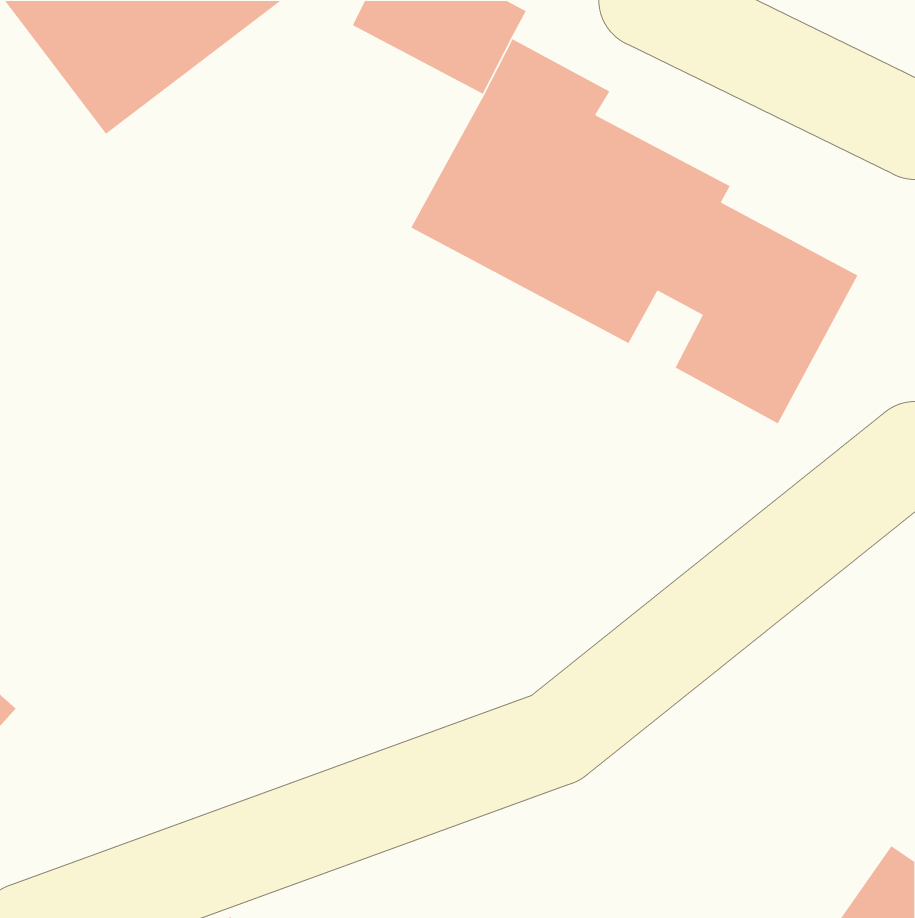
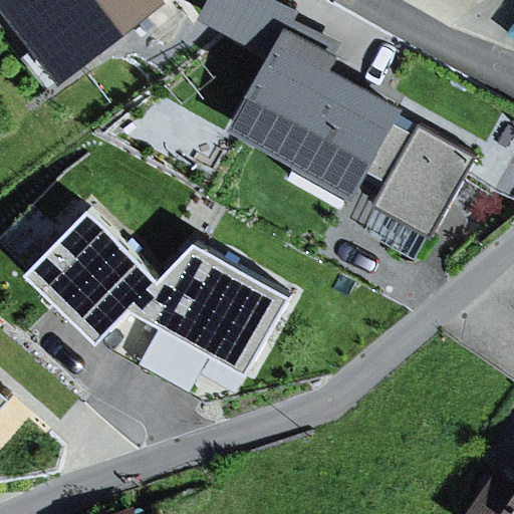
building: none -> [26,209,291,374]

